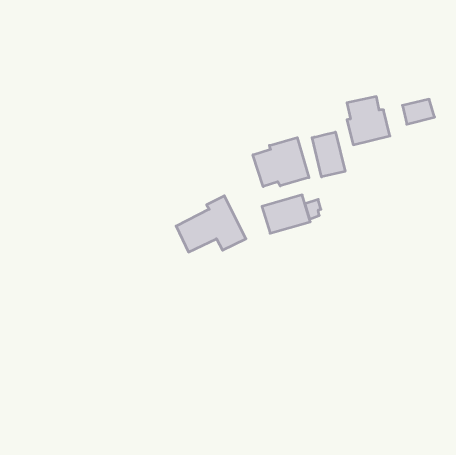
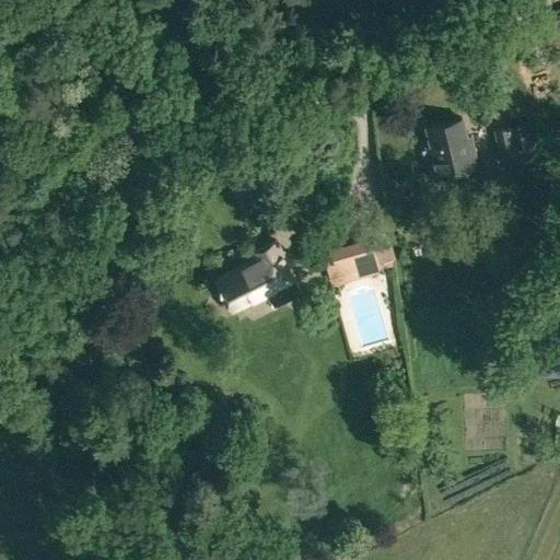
building: [312,132,345,177] -> none
building: [253,138,309,187] -> none

